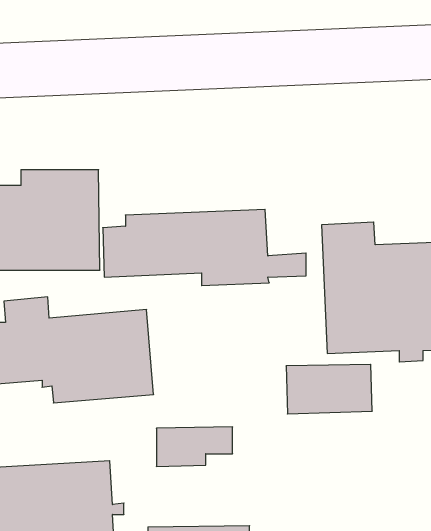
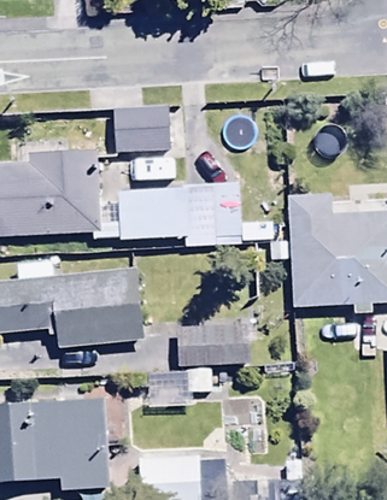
building: none -> [113,106,170,153]
building: [286,364,372,414] -> [175,322,248,364]

